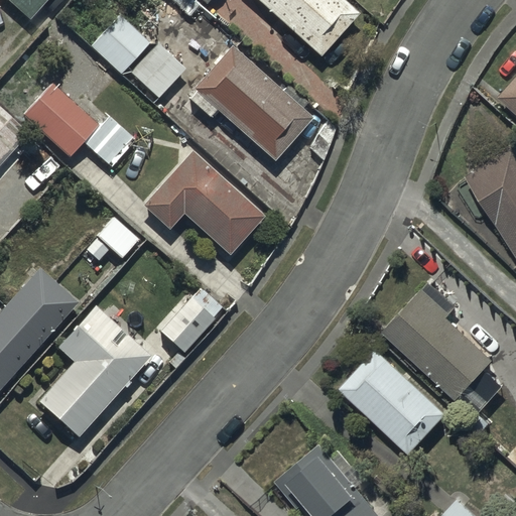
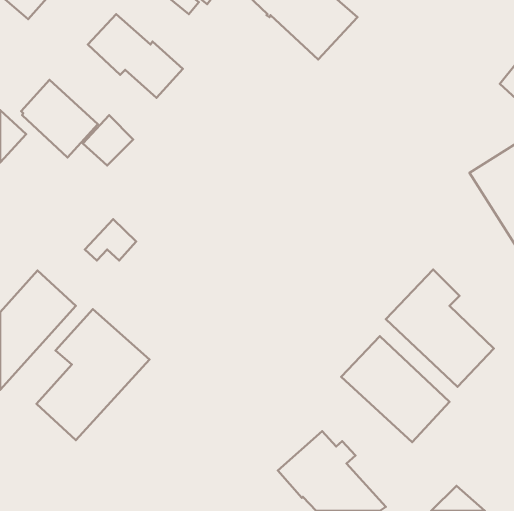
building: [187,49,313,164] -> none
building: [144,154,263,256] -> none
building: [160,287,223,354] -> none

